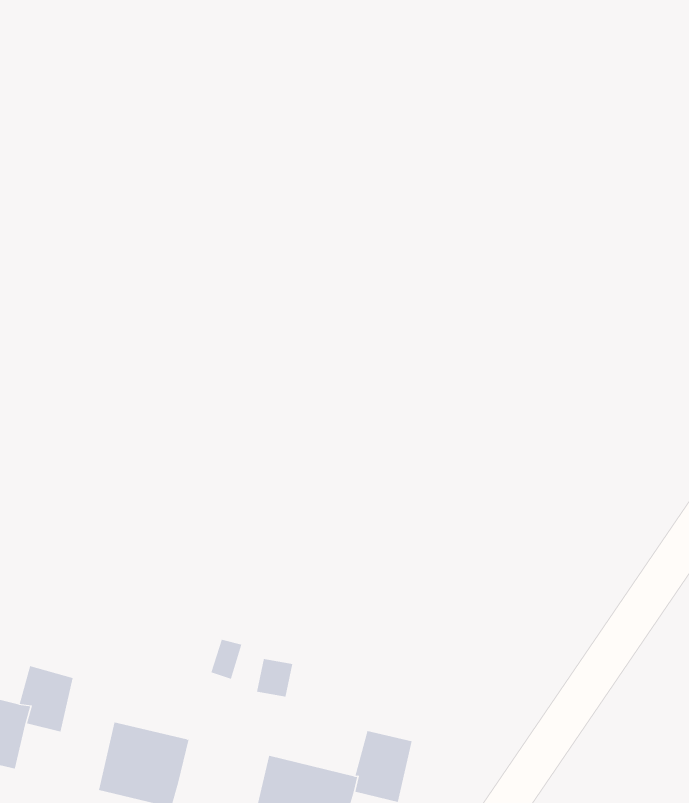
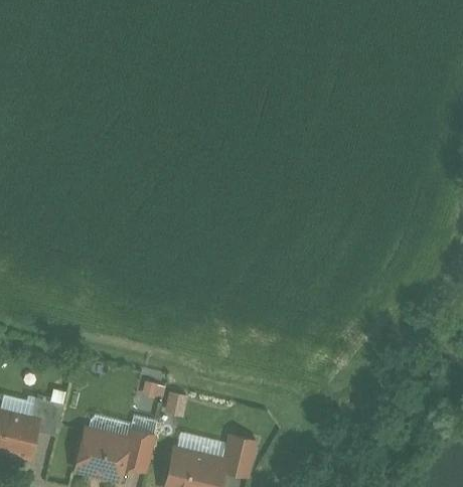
building: none -> [123,429,155,470]

